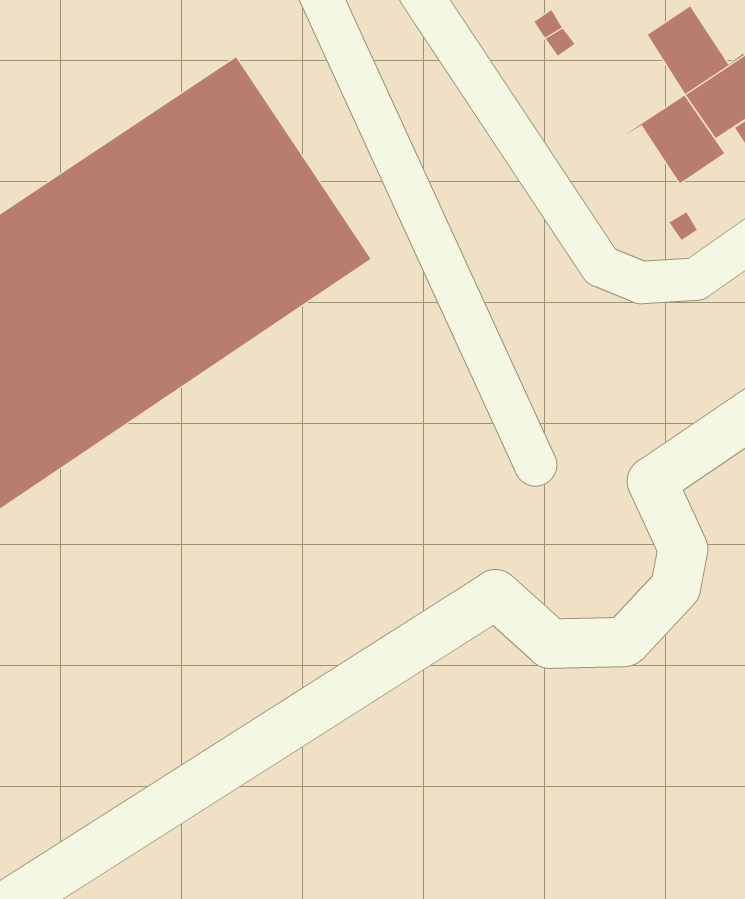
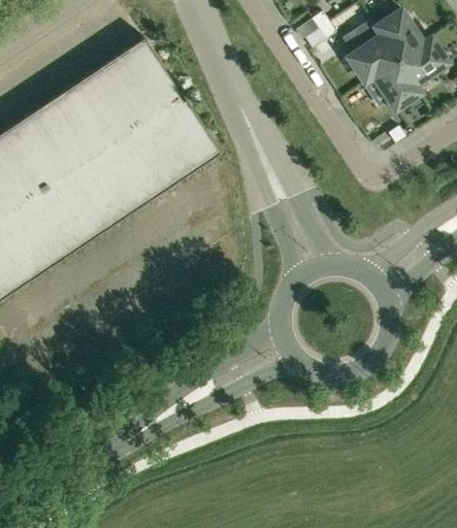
building: none -> [345,20,395,81]

